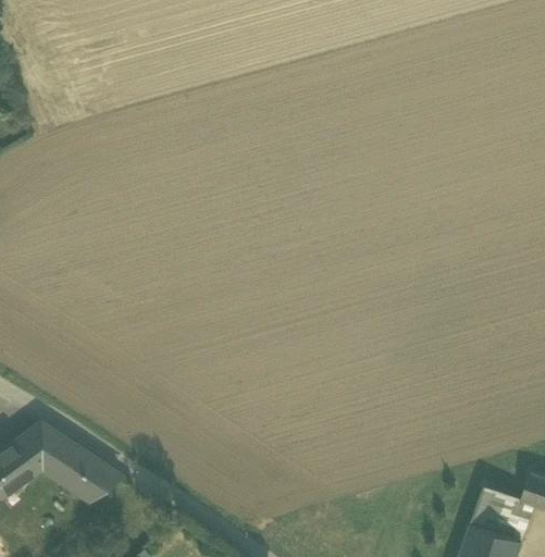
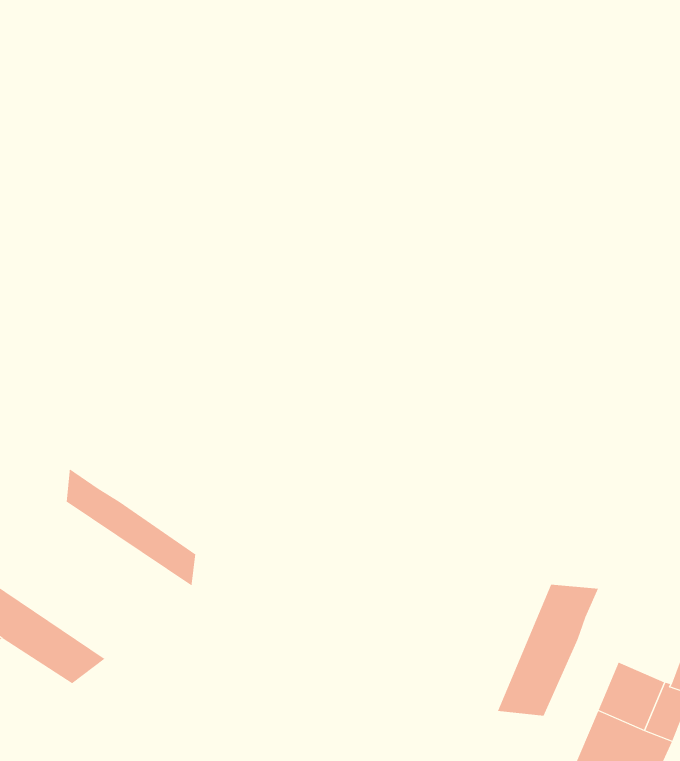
building: none -> [66,468,196,586]
building: none -> [497,584,599,716]

